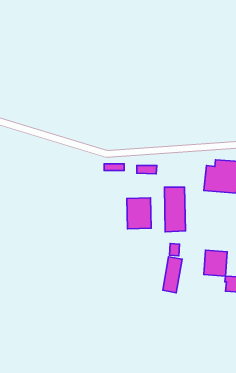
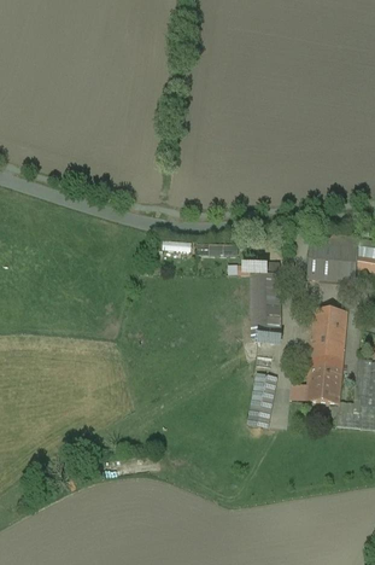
building: [127,198,151,229] -> none
building: none -> [310,308,346,367]

